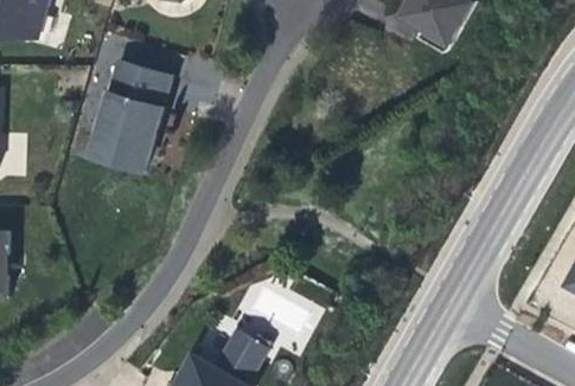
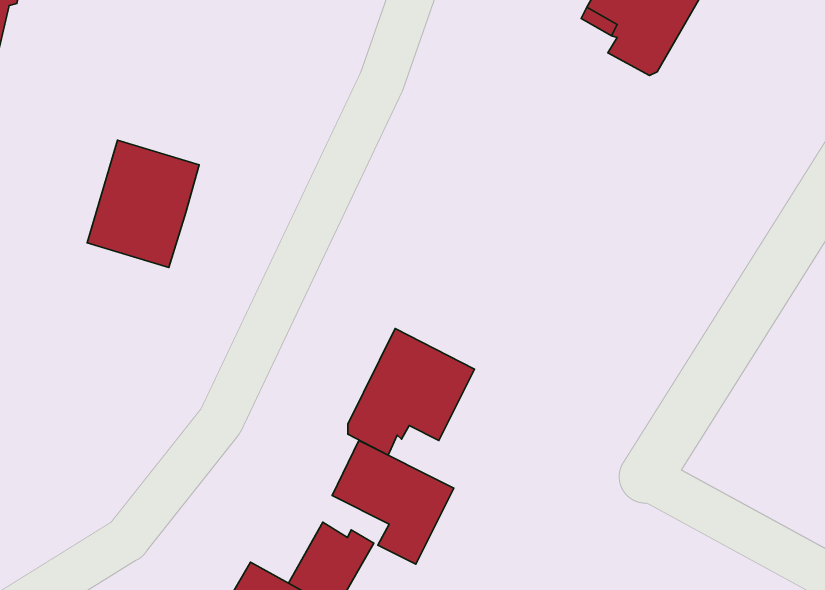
building: [110,62,171,108] -> none
building: none -> [348,328,475,455]

